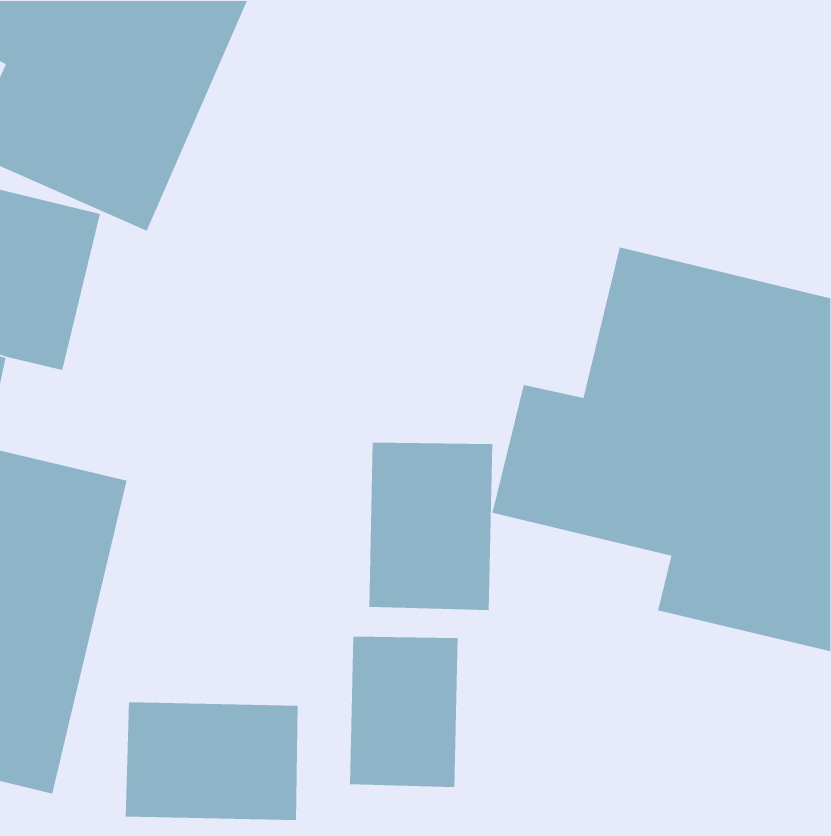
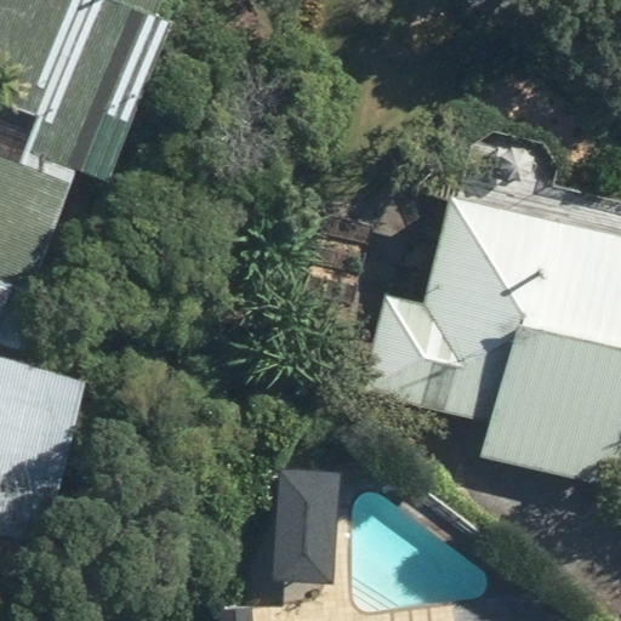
building: [368,442,493,611] -> none
building: [125,701,298,821] -> none

